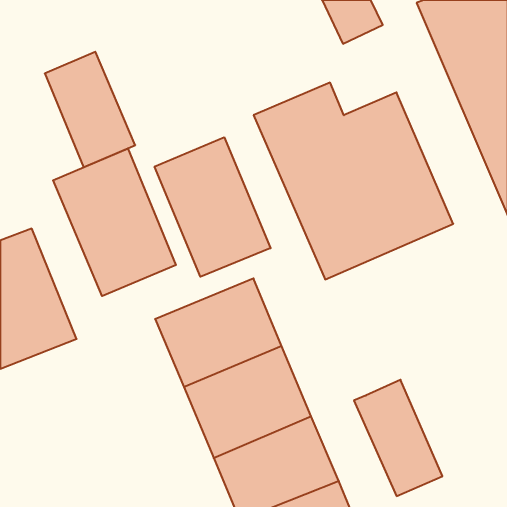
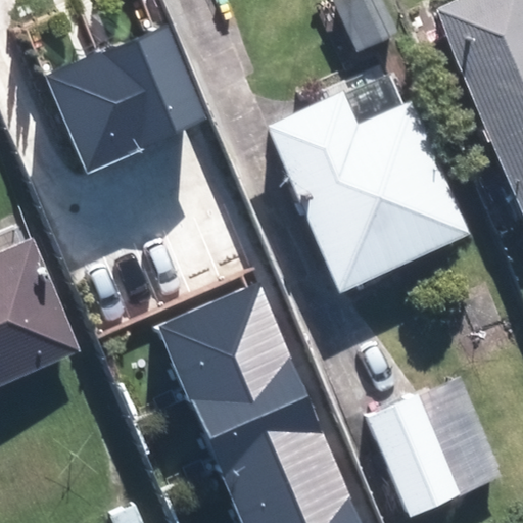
building: none -> [99,27,208,150]
building: [155,137,271,277] -> none
building: [53,148,176,296] -> none

